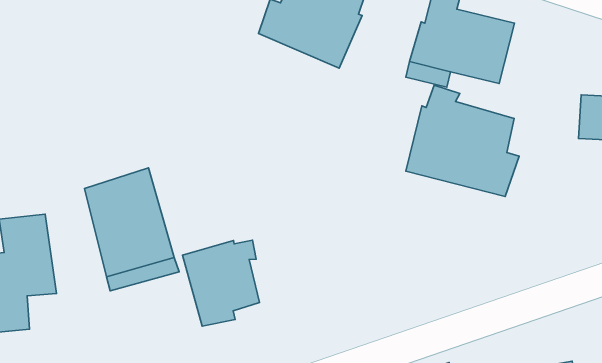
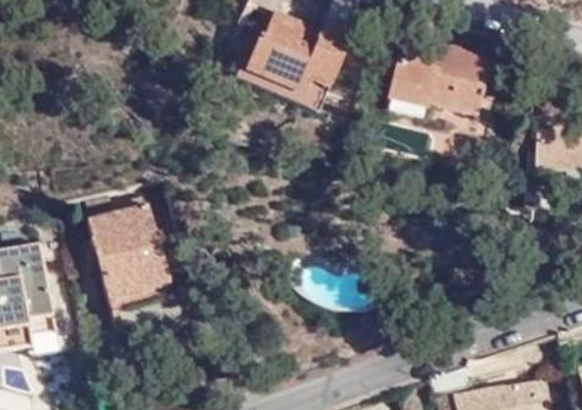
building: [406,85,519,197] -> none
building: [182,240,259,326] -> none

